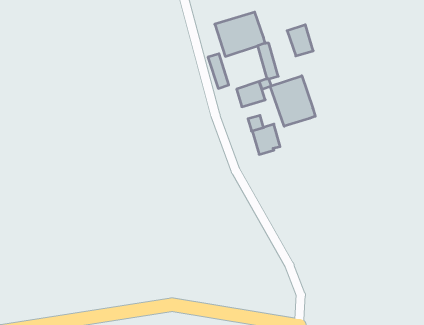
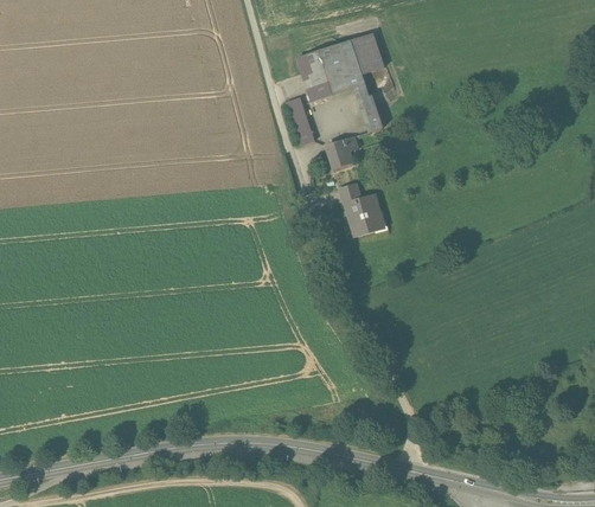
building: [287,25,313,56] -> [350,32,385,75]
building: [270,76,315,126] -> none

